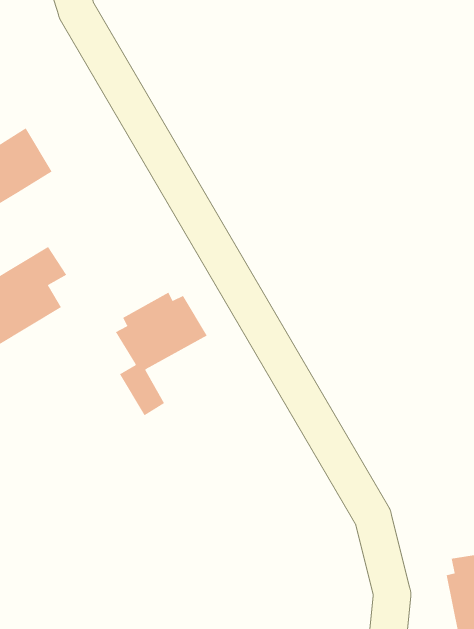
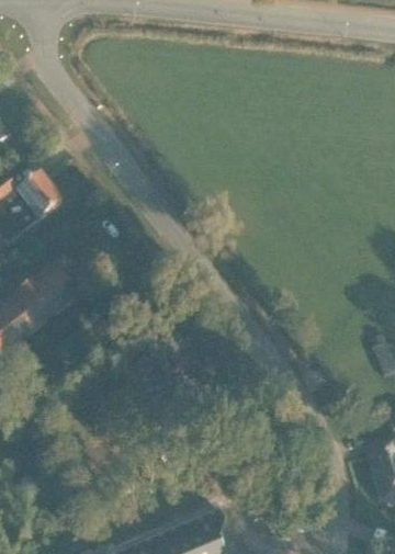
building: [115,292,207,416] -> none

